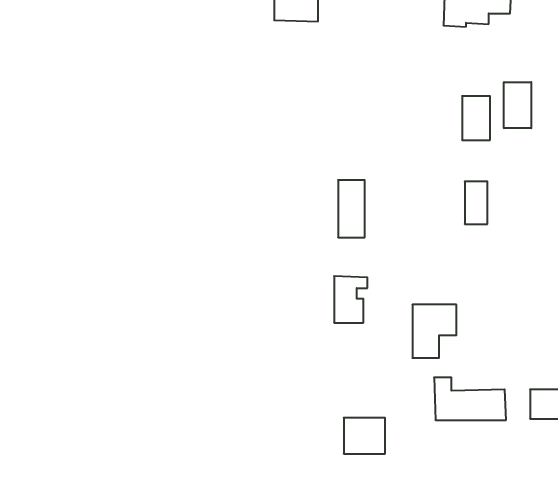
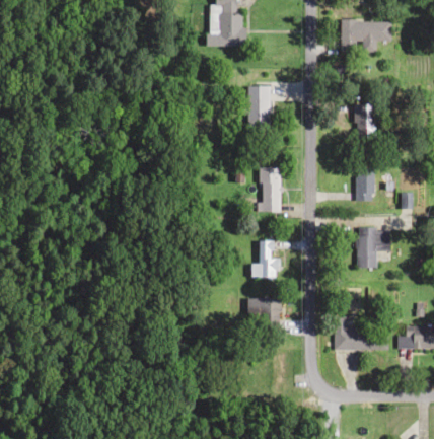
building: none -> [247,86,270,126]
building: [504,82,531,128] -> none
building: [412,305,456,358] -> [356,228,389,269]
building: [344,418,385,454] -> [247,300,279,327]

